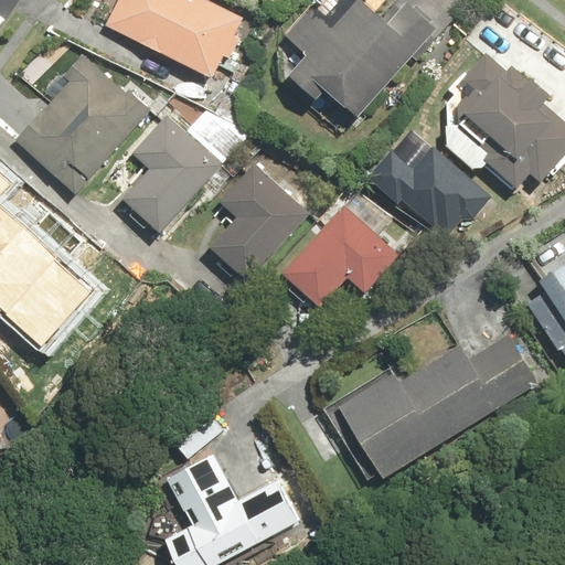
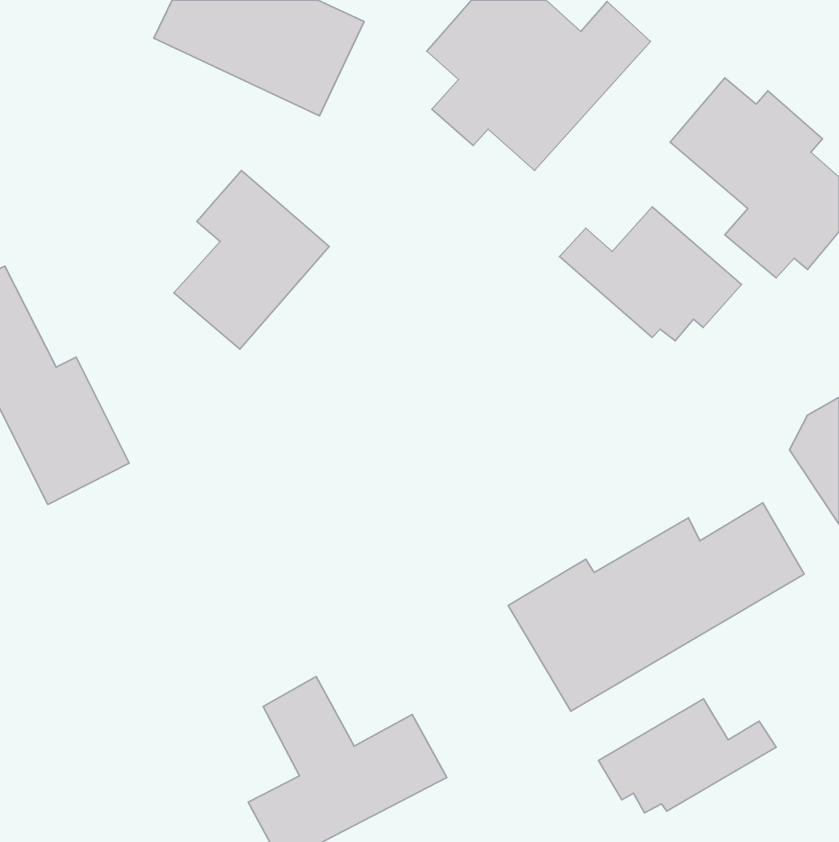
building: [10,54,149,194] -> none
building: [210,167,308,280] -> none
building: [281,207,394,308] -> none
building: none -> [598,699,776,813]

